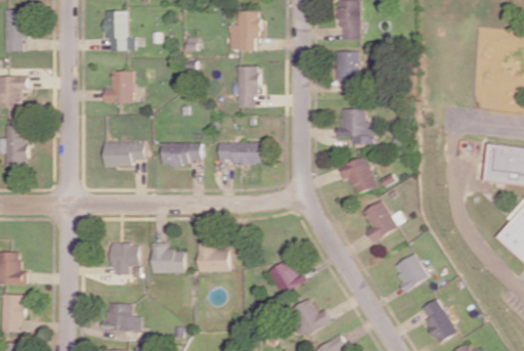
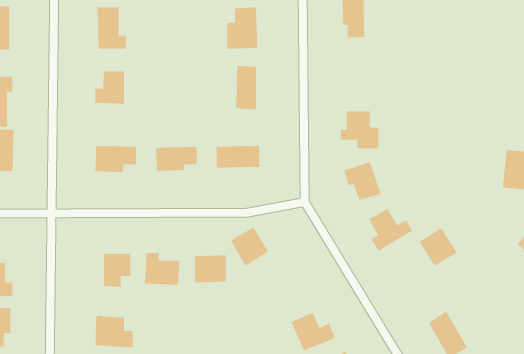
building: [336,51,358,92] -> none
building: [392,254,429,291] -> [419,228,458,267]
building: [267,258,304,296] -> [230,227,269,267]

